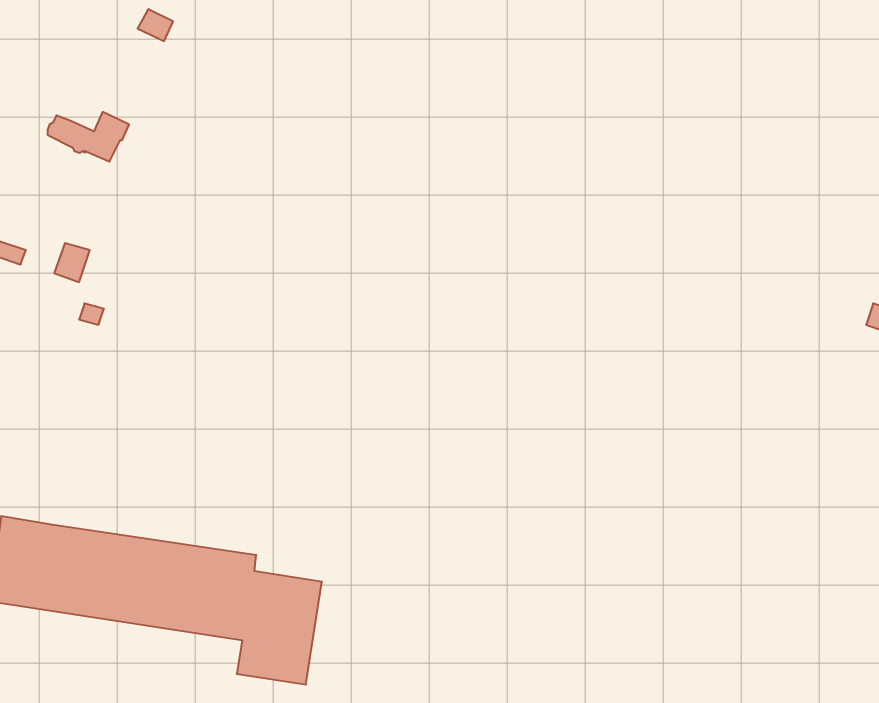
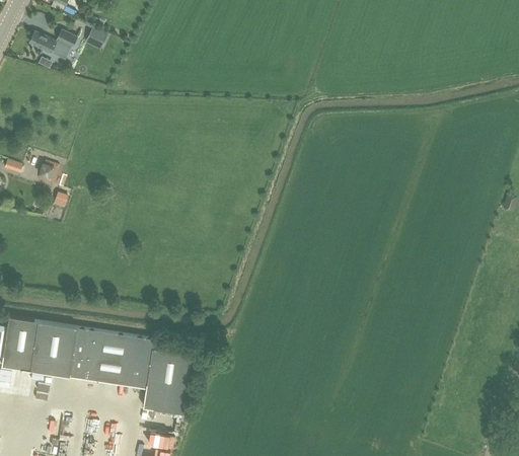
building: [48,112,129,162] -> [28,29,75,58]

